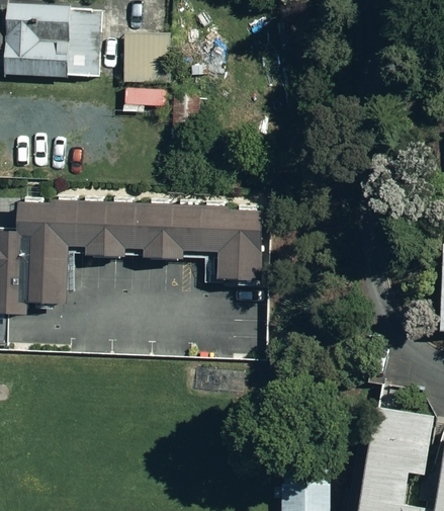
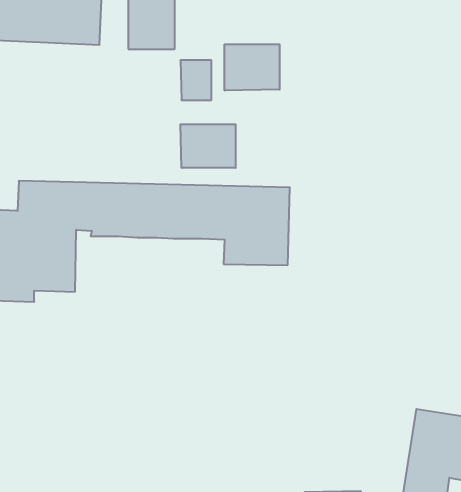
building: none -> [225,44,280,91]
building: none -> [180,124,236,168]

